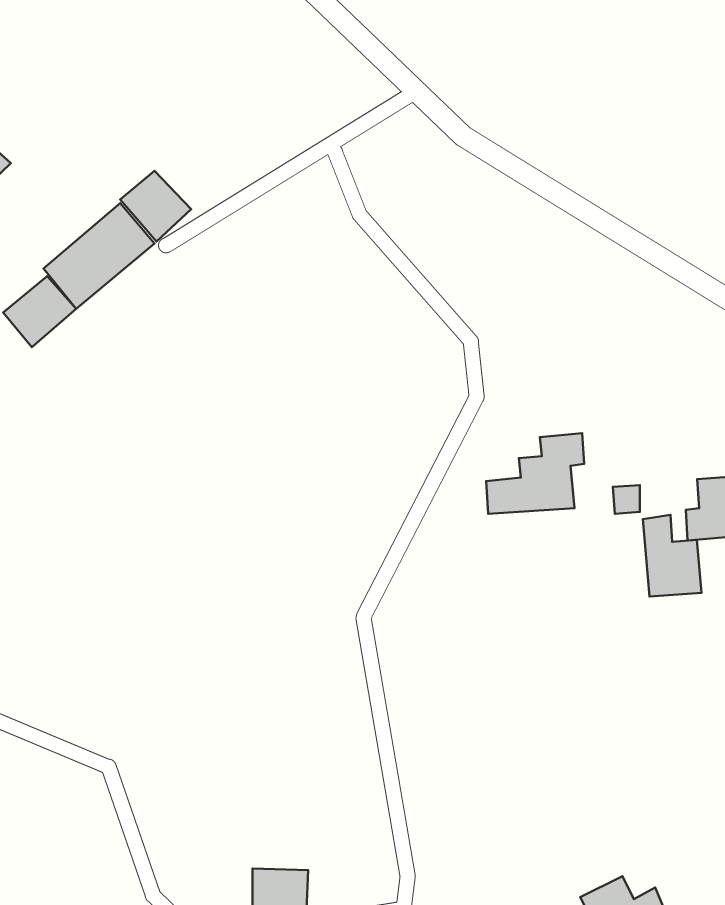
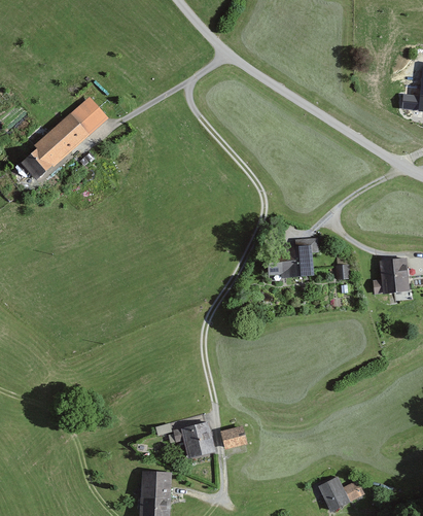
building: [643,515,701,596] -> none
building: none -> [173,420,217,457]
building: none -> [223,426,247,448]

